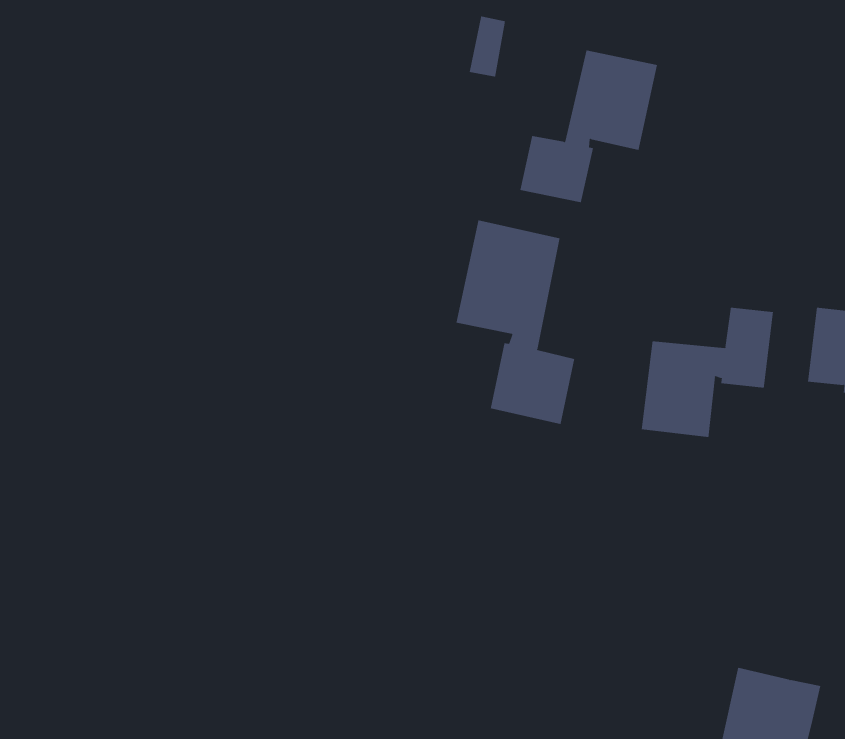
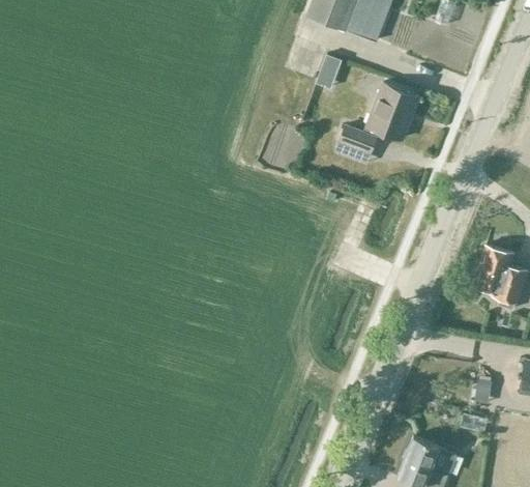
building: [456,219,575,425] -> none
building: [641,307,774,438] -> none

